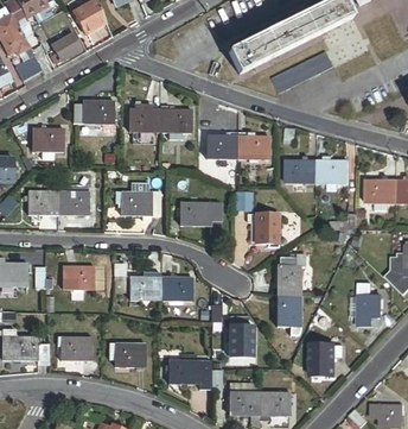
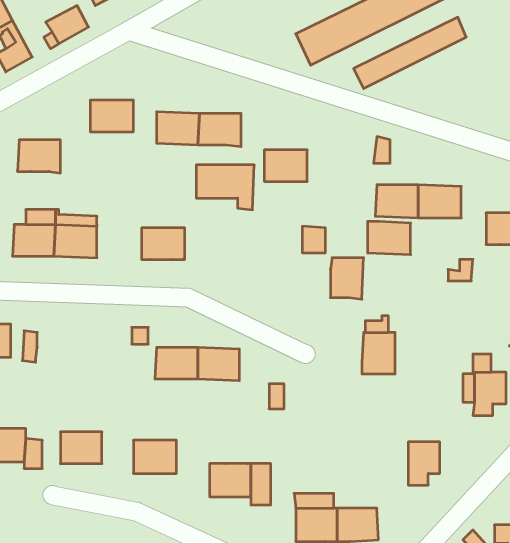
building: [238,135,269,159] -> [368,221,411,255]
building: [179,201,221,233] -> [196,165,254,210]
building: [62,264,93,288] -> none
building: [278,296,301,326] -> none
building: [229,326,253,357] -> none

